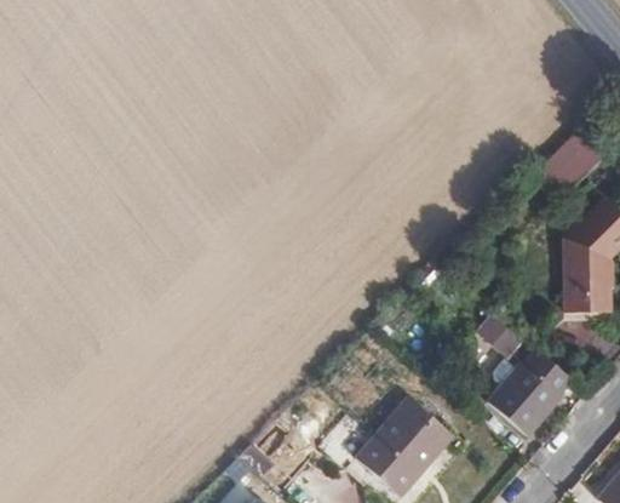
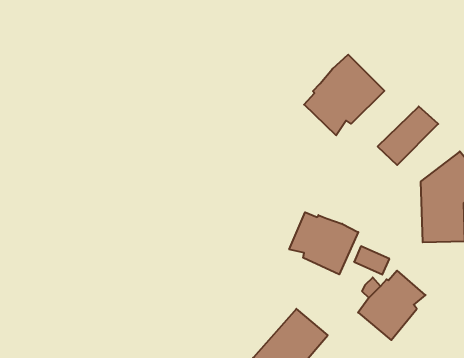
building: none -> [304,55,384,135]
building: none -> [289,212,358,274]

